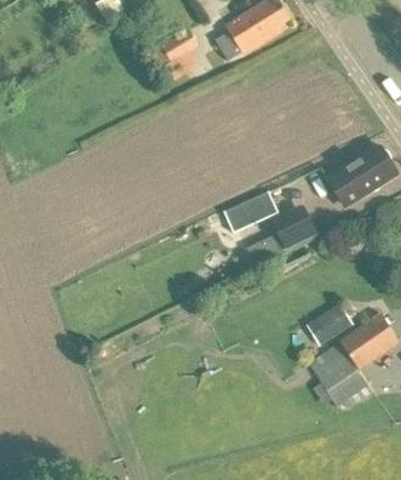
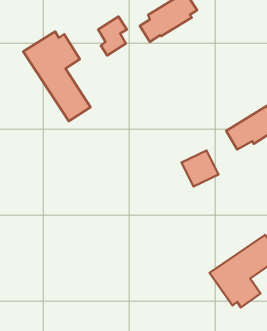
building: none -> [23,31,91,121]
building: [225,187,279,227] -> none
building: [307,303,353,345] -> none

